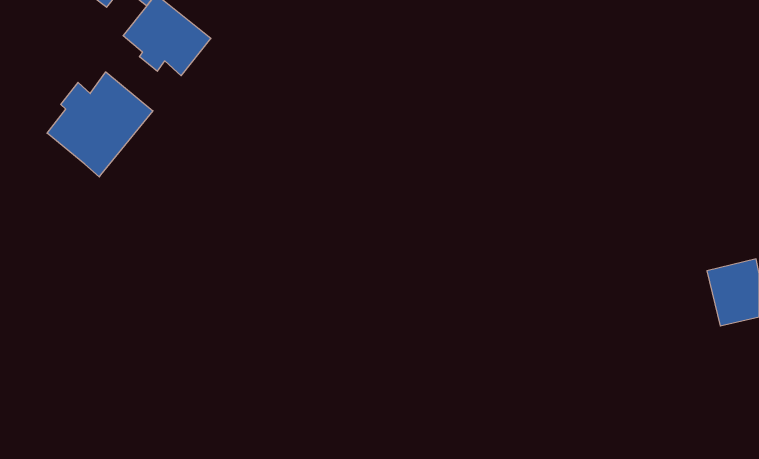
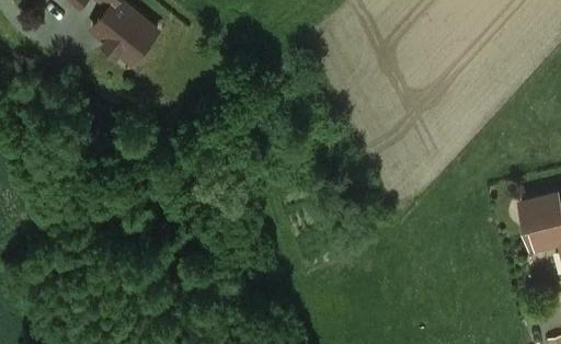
building: [47,72,153,177] -> none

